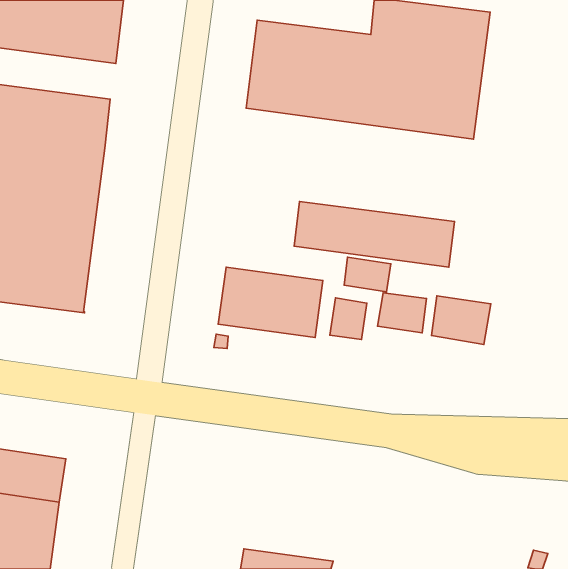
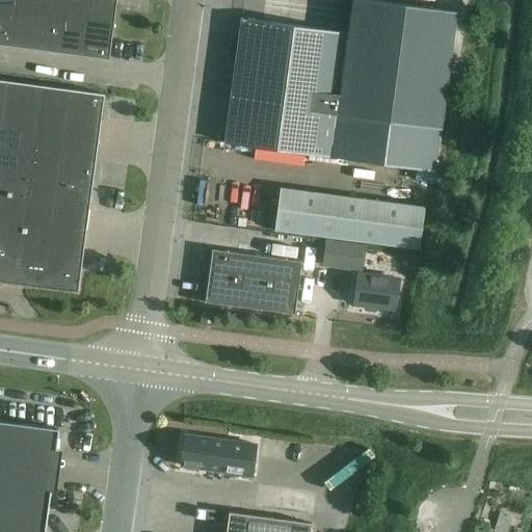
building: none -> [223,101,442,171]
building: [431,296,491,345] -> none
building: [330,298,367,340] -> none
building: none -> [180,434,256,478]

